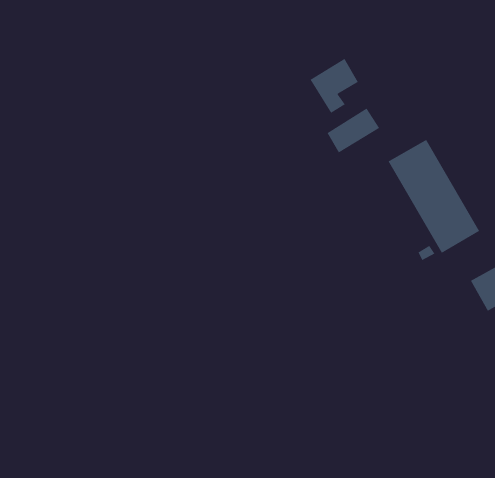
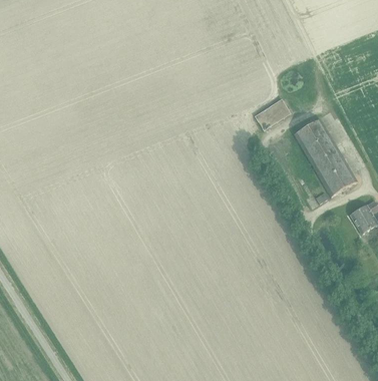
building: [310,58,359,114] -> none

